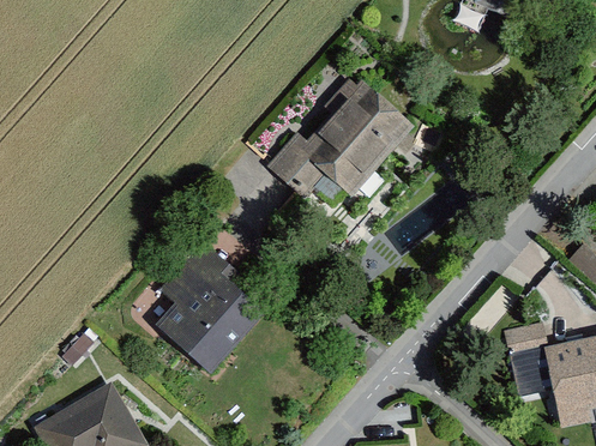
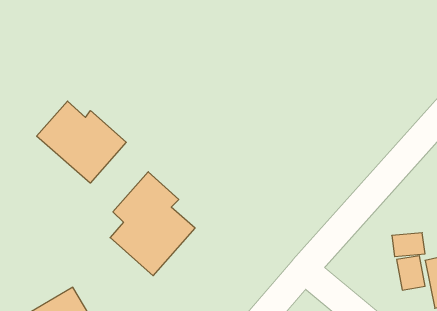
building: [270,86,405,194] -> none
building: none -> [37,101,126,183]

